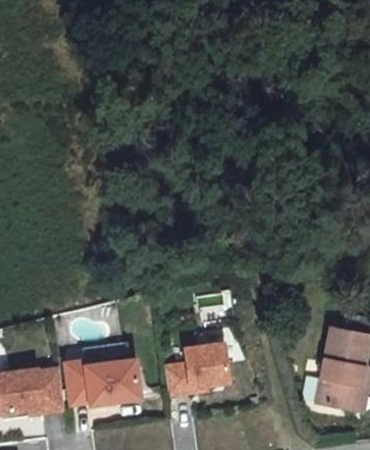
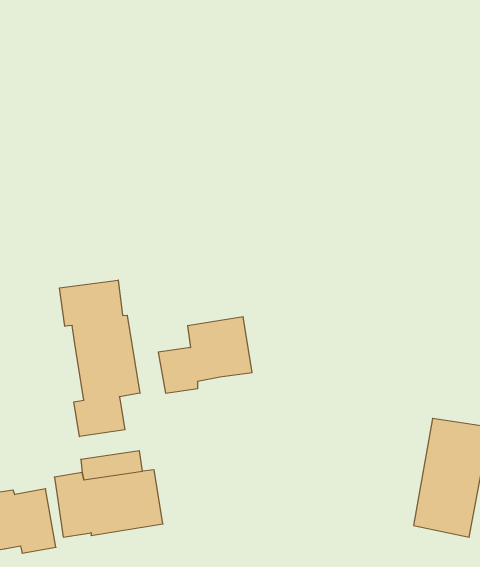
building: none -> [60,280,140,437]
building: [164,342,229,395] -> [158,317,252,393]

